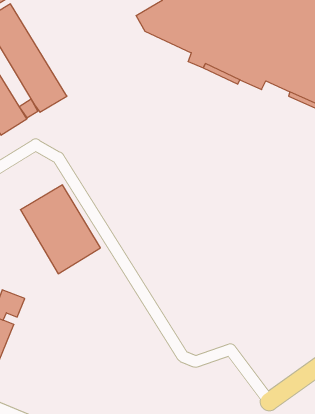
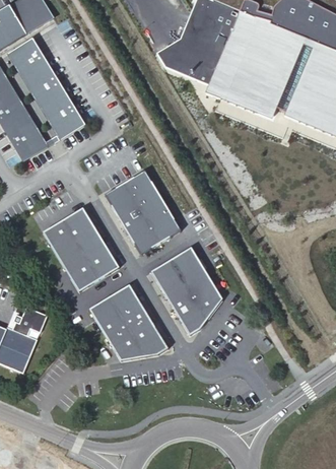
building: none -> [104,170,180,254]
building: none -> [150,248,221,335]
building: none -> [88,284,167,360]

